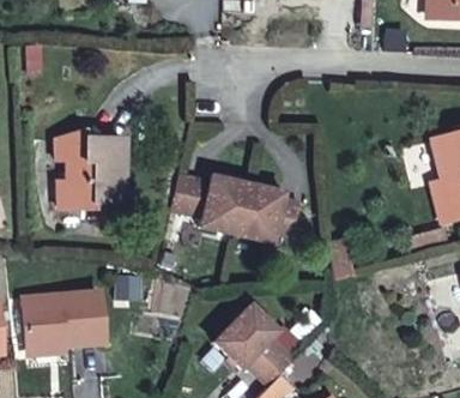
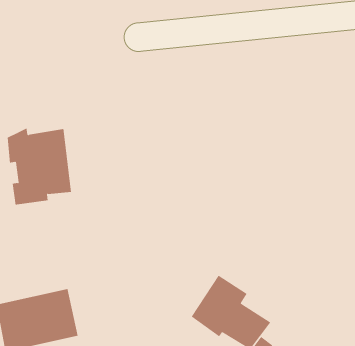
building: [171,175,299,242] -> none

